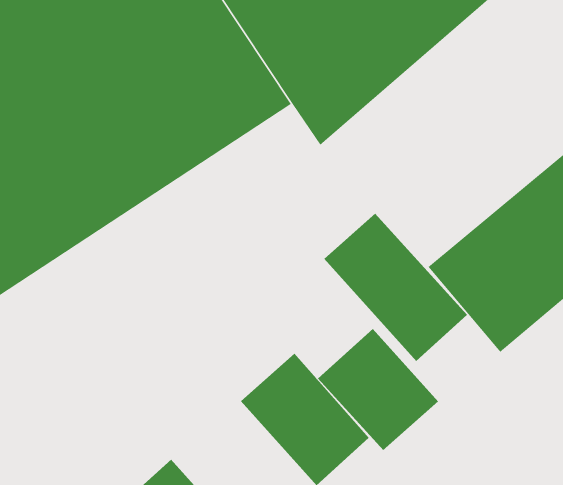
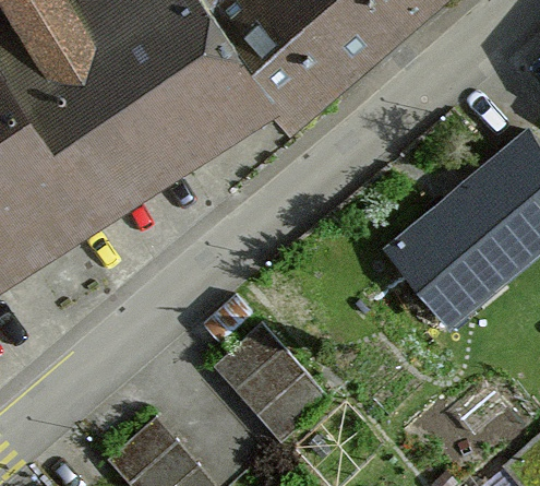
building: [323,213,468,362] -> none
building: [317,328,439,451] -> none

